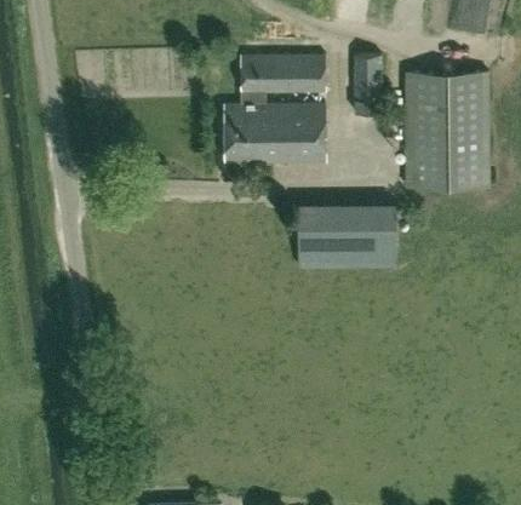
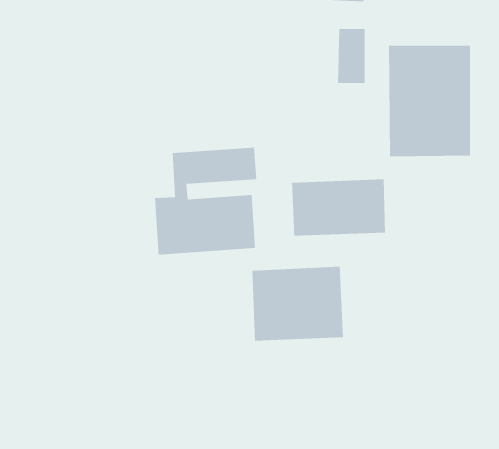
building: [221,52,326,163] -> [154,147,257,256]
building: none -> [252,266,344,341]

